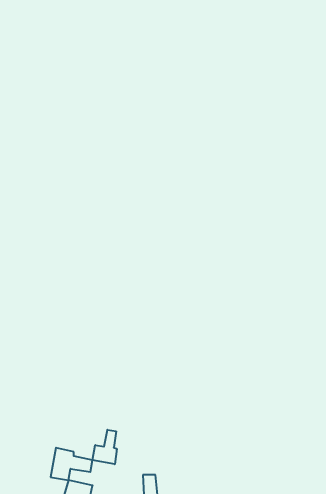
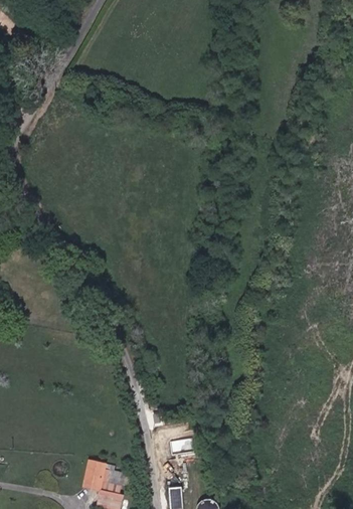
building: [93,430,117,464] -> none

